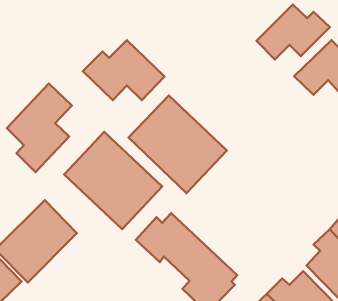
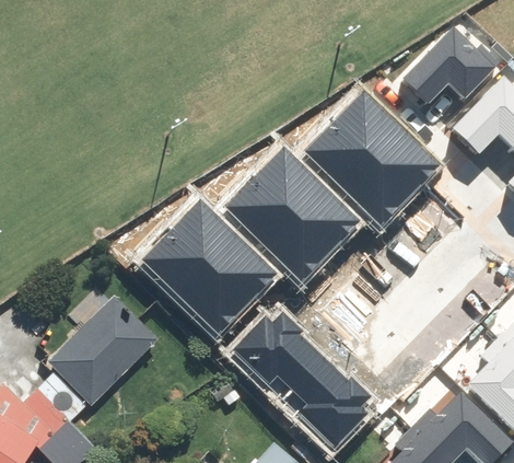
building: [83,40,164,100] -> none
building: none -> [306,93,440,224]
building: [7,84,72,172] -> none

